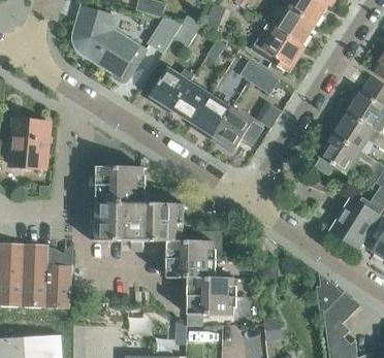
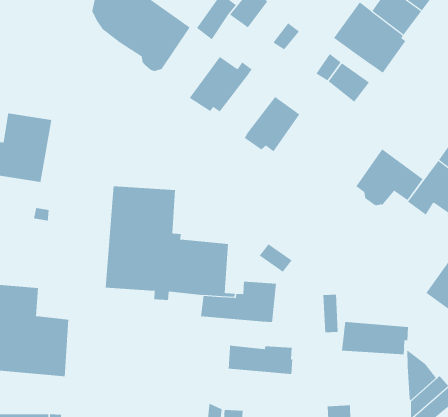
building: [170,79,210,121] -> none
building: [212,105,261,148] -> [355,148,423,206]
building: [165,258,214,280] -> none
building: [187,295,235,317] -> [341,321,409,355]

